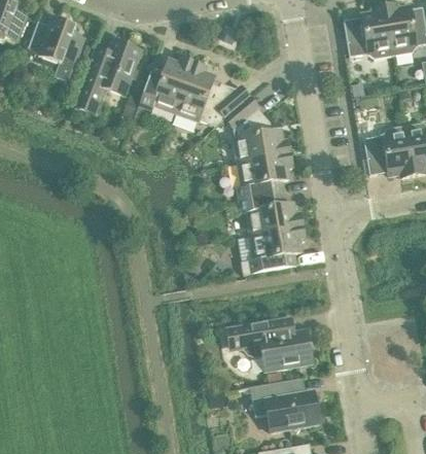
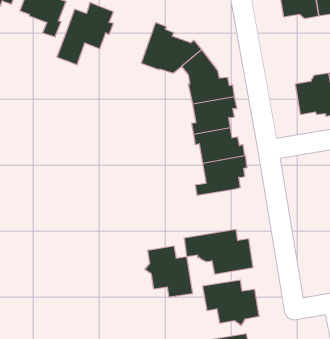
building: [139,58,193,112] -> none
building: none -> [145,246,193,297]

